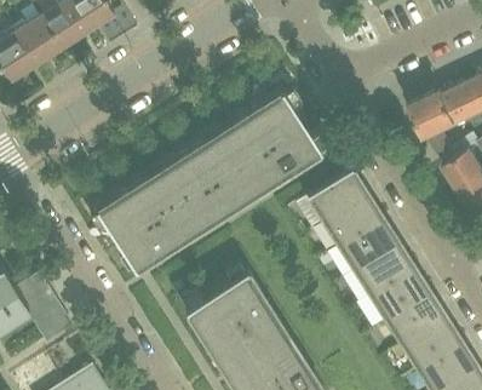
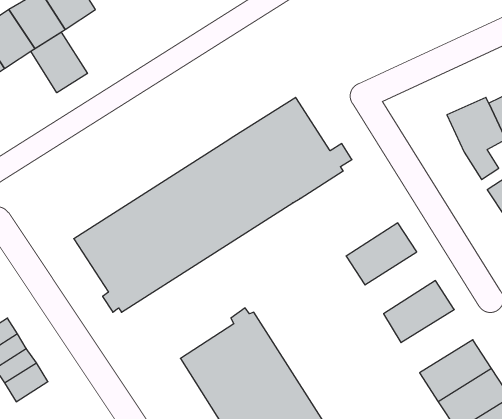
building: none -> [31,32,87,93]
building: [308,170,368,223] -> none
building: [340,219,400,271] -> none
building: [371,268,431,321] -> none

